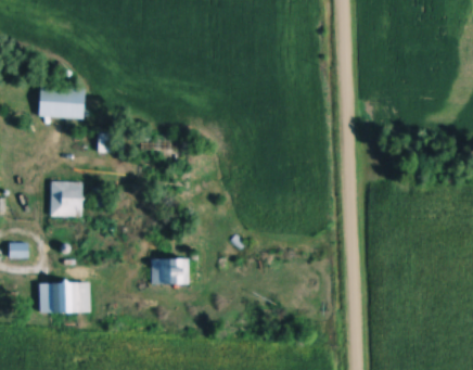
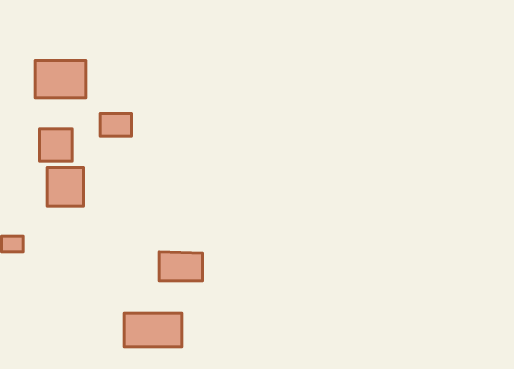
building: none -> [39,129,72,161]
building: [38,282,90,312] -> [124,313,182,347]

